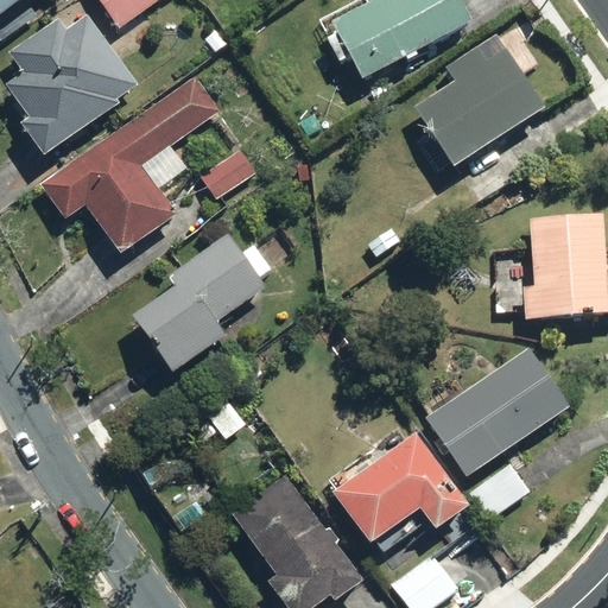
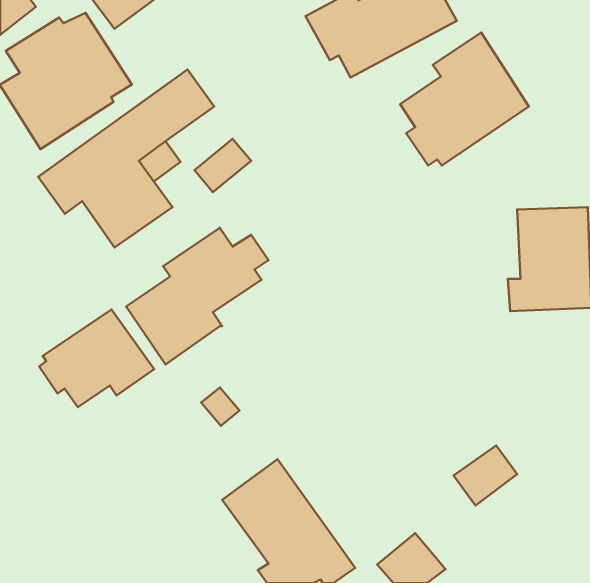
building: none -> [39,309,154,407]
building: [424,342,572,477] -> none
building: [330,430,470,546] -> none

